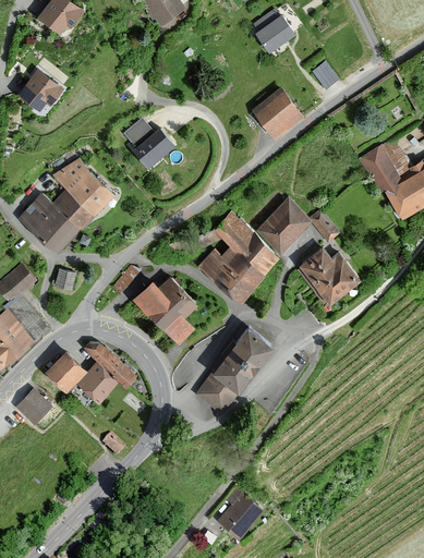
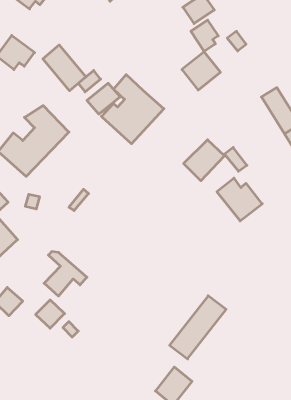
building: none -> [191,20,218,51]
building: none -> [43,45,86,91]
building: [198,215,278,303] -> [101,75,164,144]
building: [134,276,199,343] -> none
building: [197,330,269,411] -> [170,296,226,359]
building: [46,354,83,390] -> [36,300,65,328]

